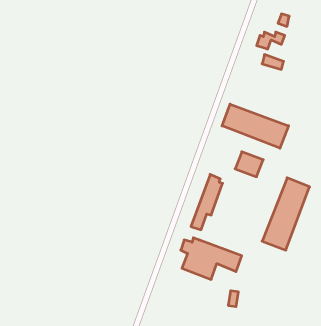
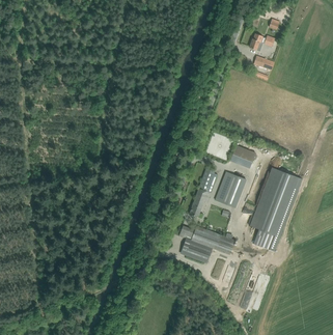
building: [222,104,289,148] -> none
building: none -> [215,171,246,207]

